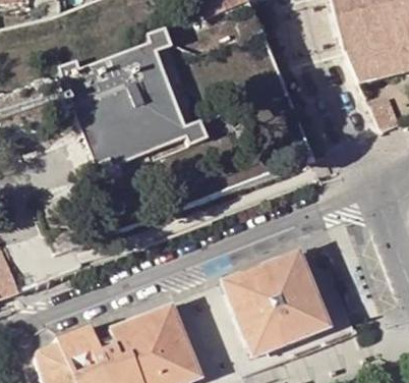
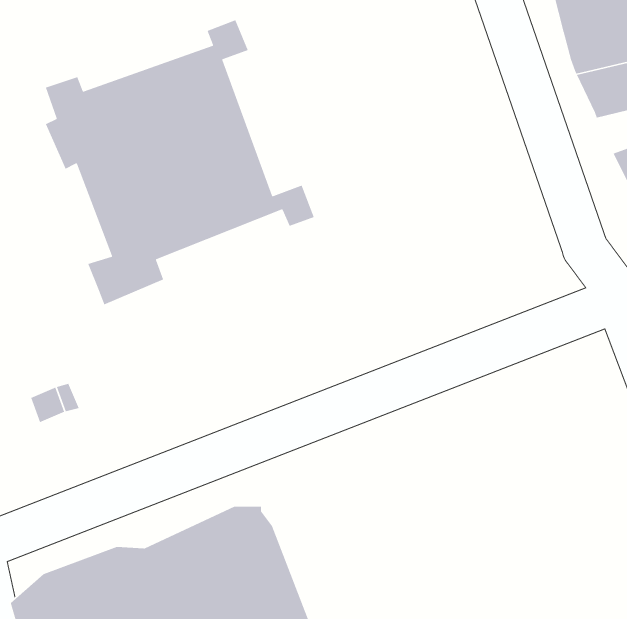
building: [224,245,335,355] -> none

